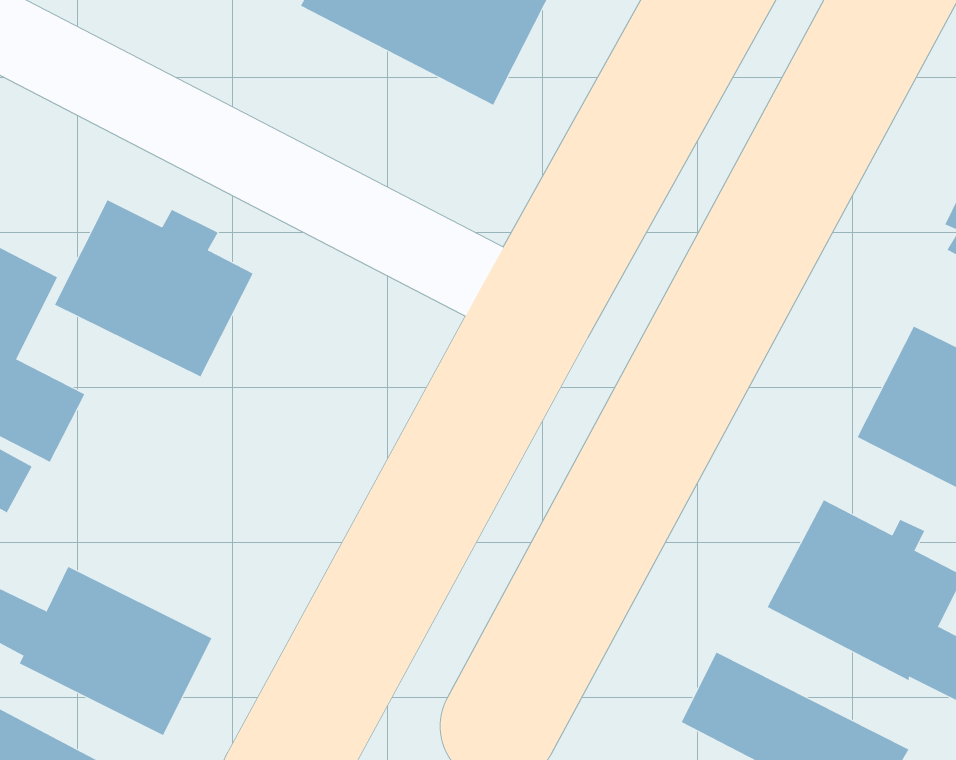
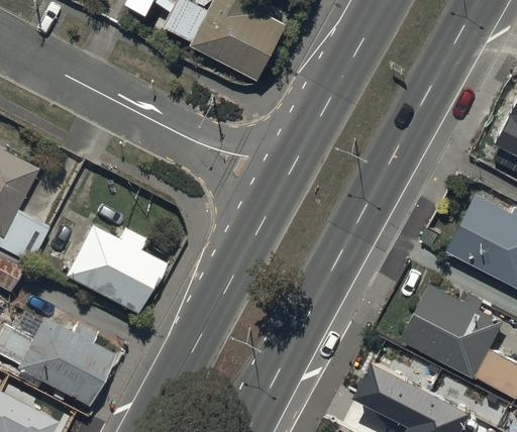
building: [54,199,254,377] -> [63,224,166,316]

